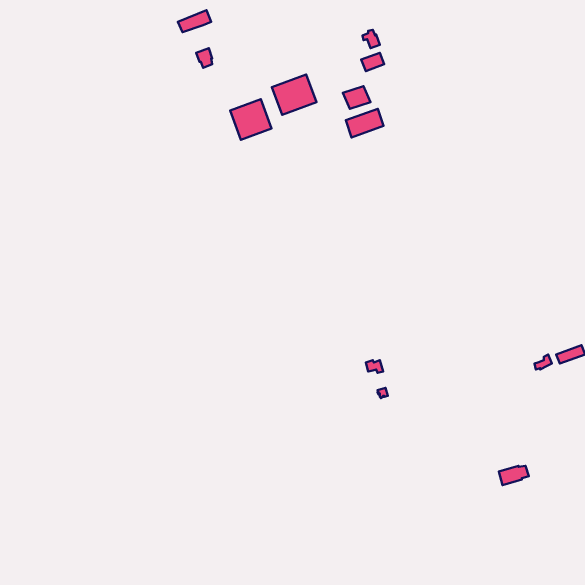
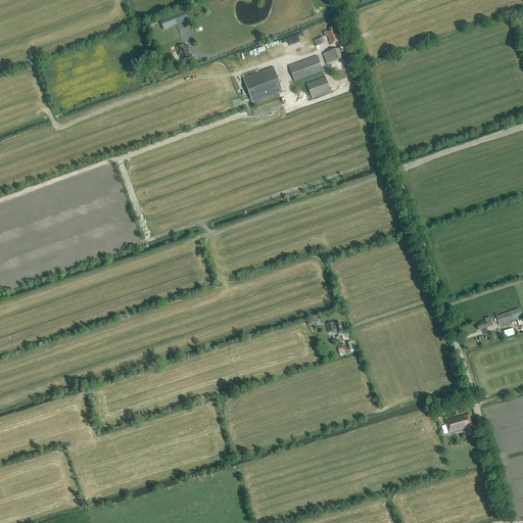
building: [230,99,272,140] -> none
building: [346,109,384,137] -> [288,55,322,81]

